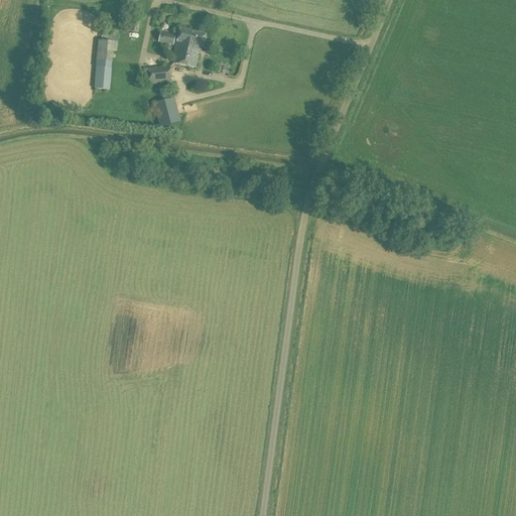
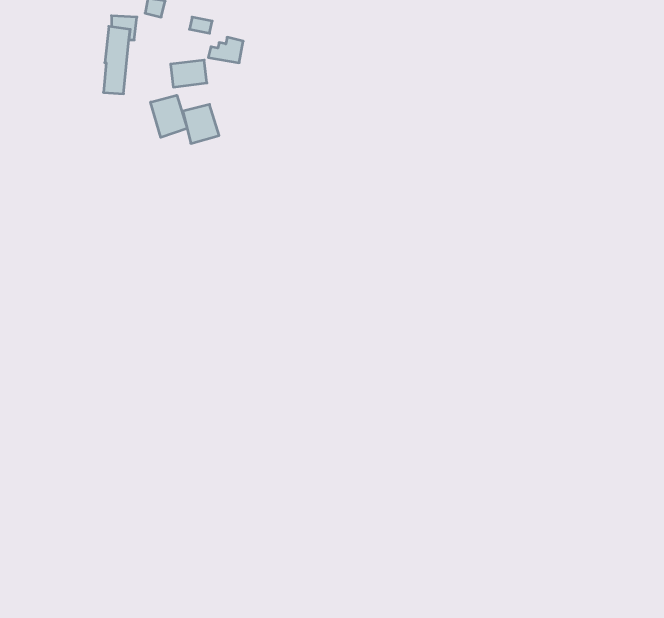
building: [173,28,205,54] -> none
building: none -> [151,95,187,137]

